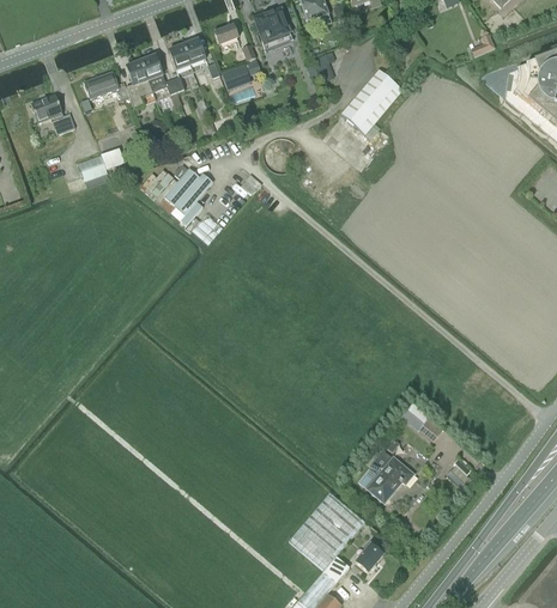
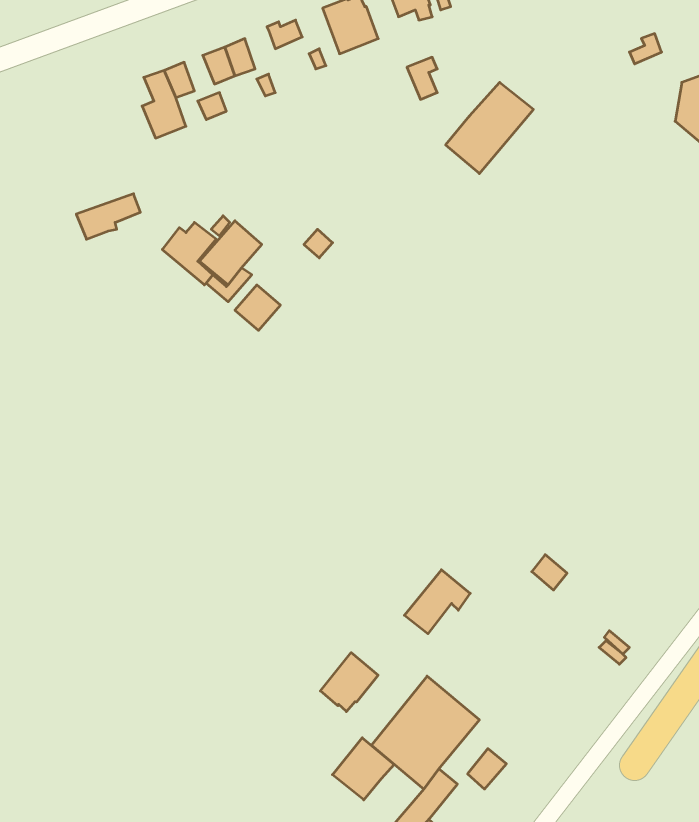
building: [220,59,260,90] -> none
building: [84,69,119,97] -> none
building: [30,90,75,134] -> none
building: [367,454,413,499] -> [404,570,470,634]
building: none -> [320,653,378,712]
building: none -> [332,738,394,800]

